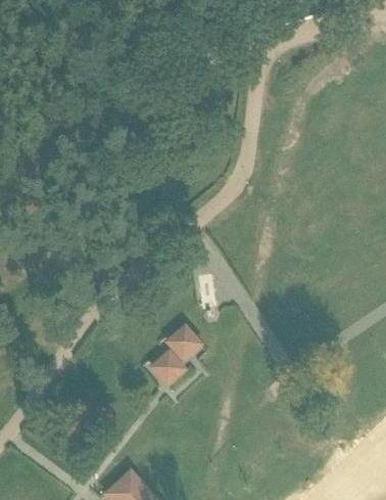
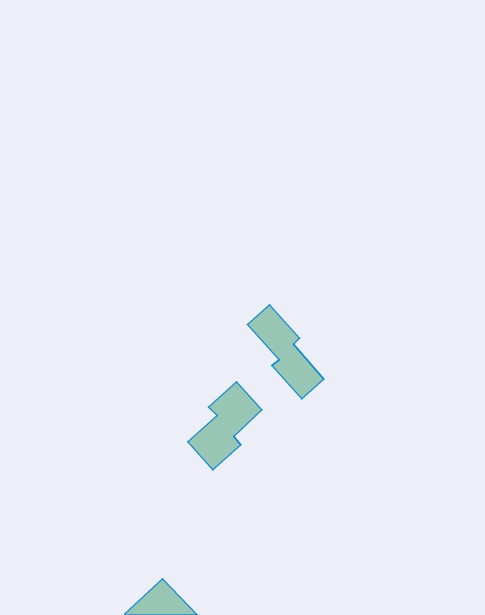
building: none -> [248,305,324,399]

